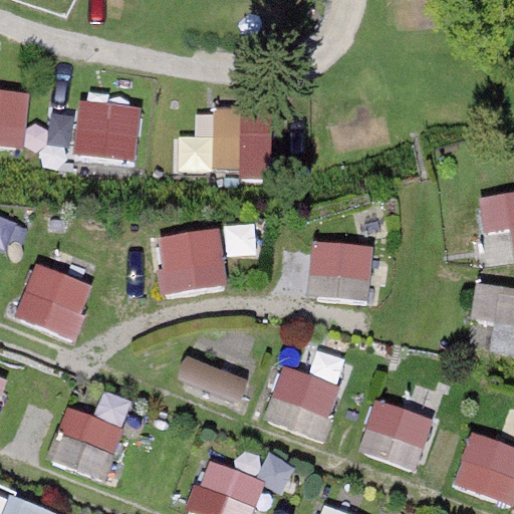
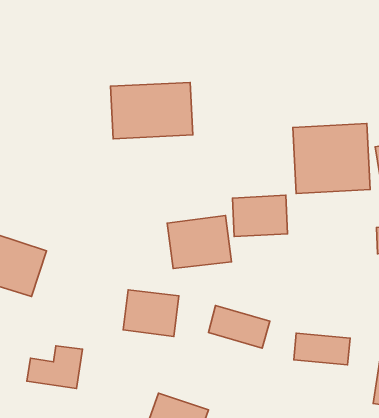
building: [76,105,138,159] -> none
building: none -> [293,123,370,194]
building: [157,234,227,290] -> [167,216,231,268]

